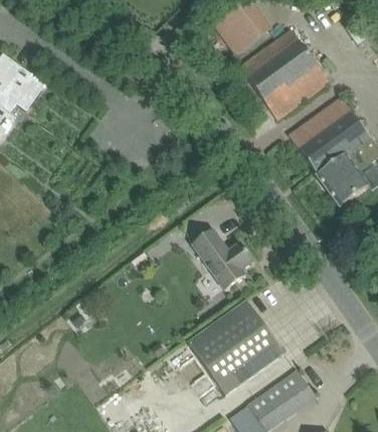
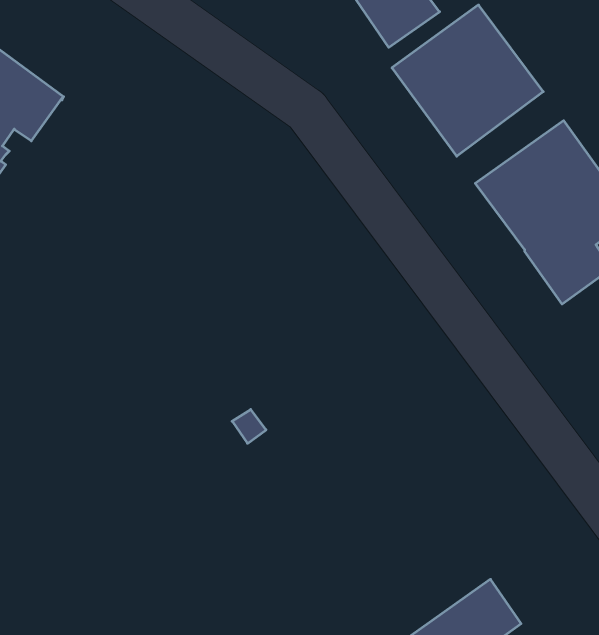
building: [191,230,252,290] -> none
building: [187,300,284,395] -> none

